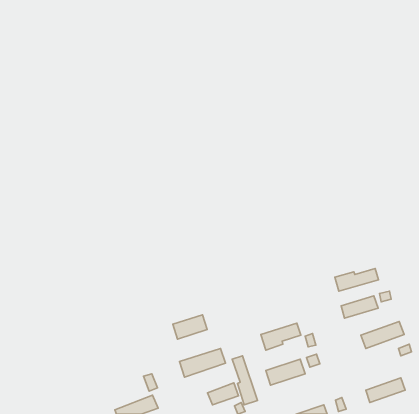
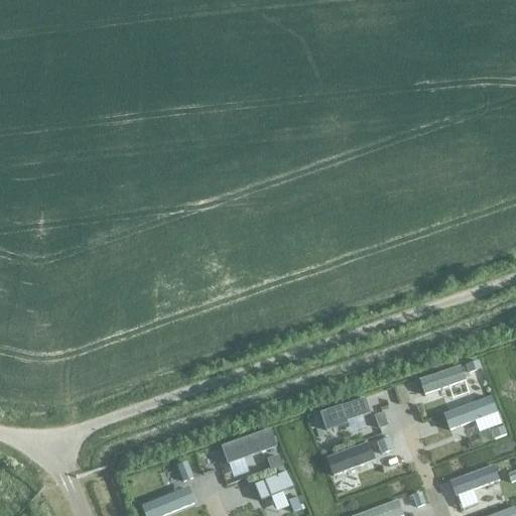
building: [335,268,378,291] -> none
building: [173,315,207,339] -> none
building: [232,356,258,405] -> none

